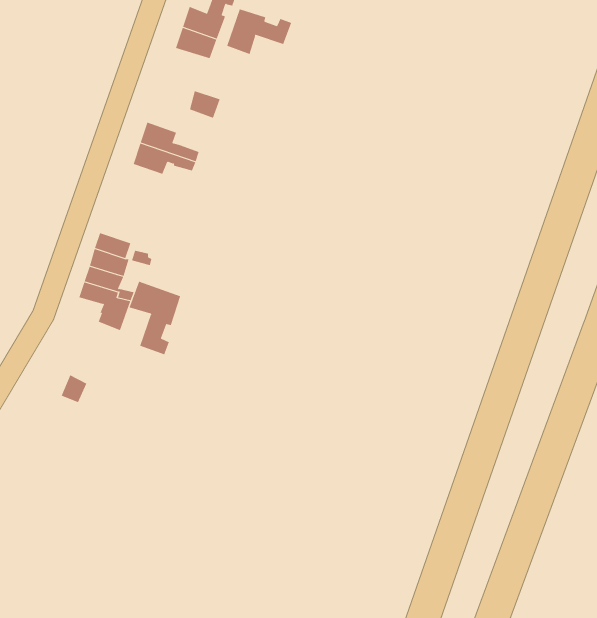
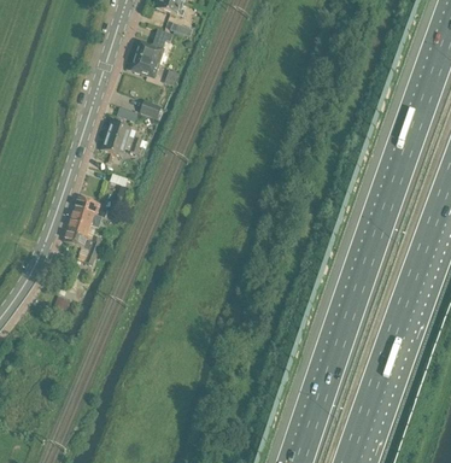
building: [226,9,292,55] -> none
building: [129,281,181,355] -> none

